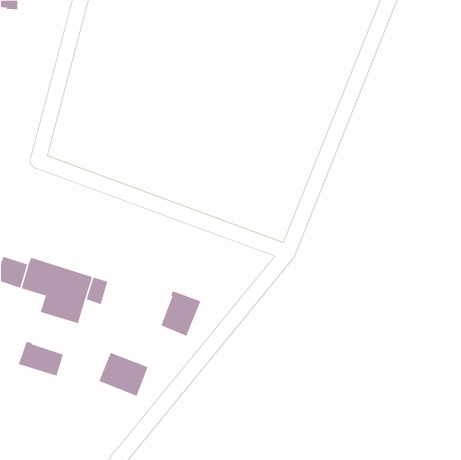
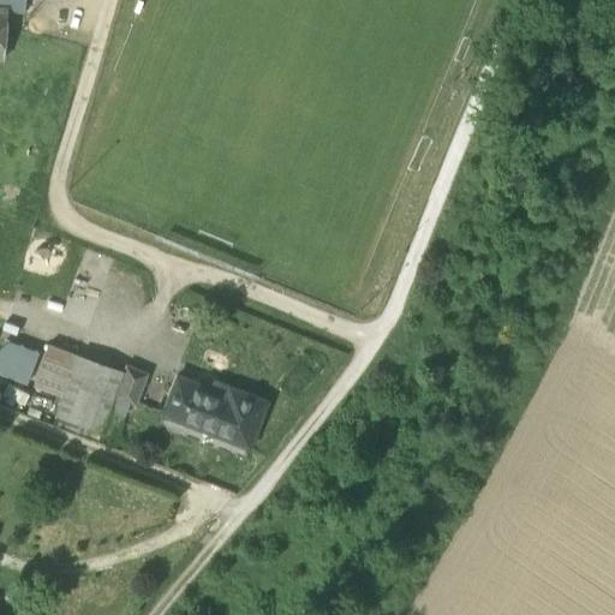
building: [18,341,63,376] -> none
building: [98,352,148,396] -> [162,376,228,435]

